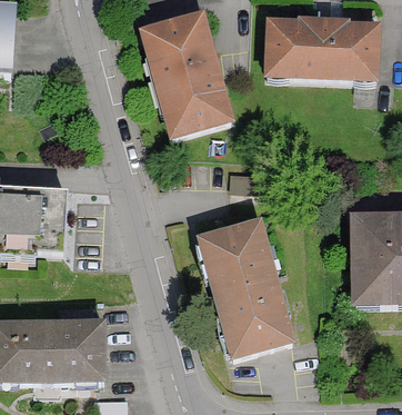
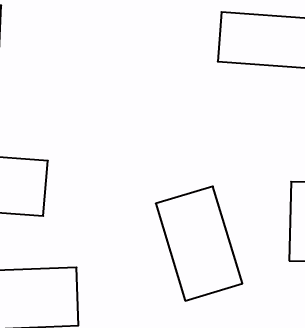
building: [138,12,232,132] -> none

